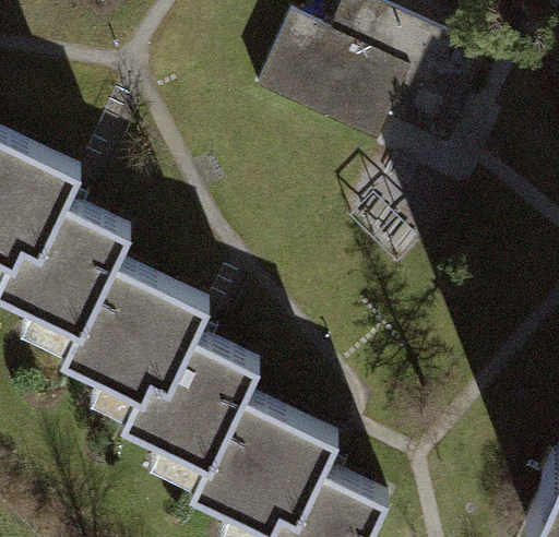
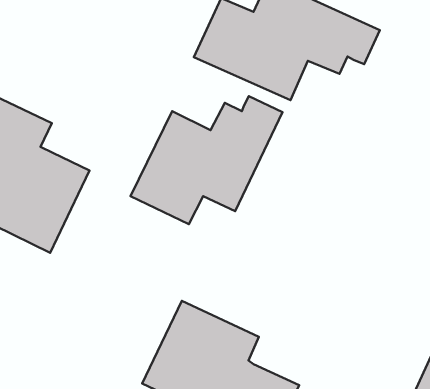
building: none -> [130,96,283,224]
building: [63,254,255,461] -> none

